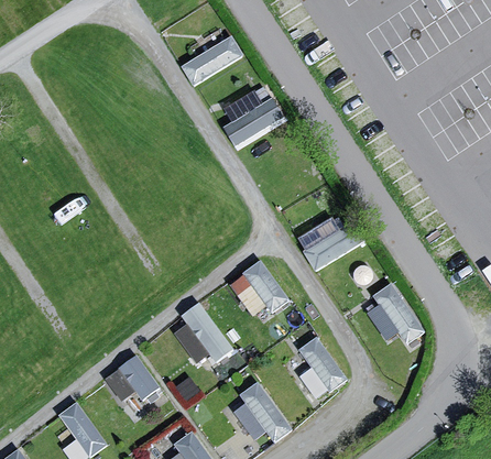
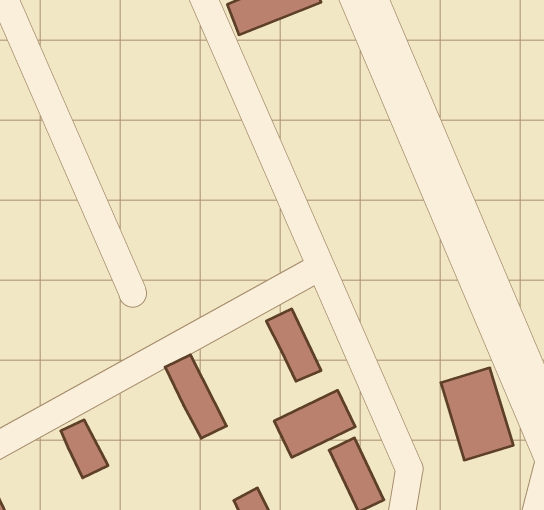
building: [223,86,283,147] -> none
building: [298,214,353,264] -> none
building: none -> [274,390,355,457]

